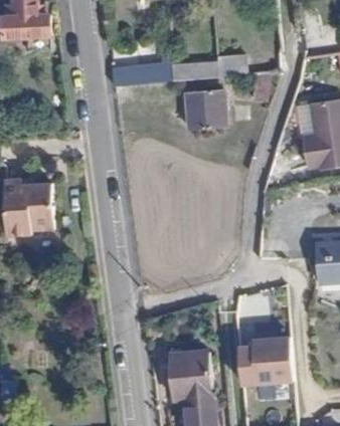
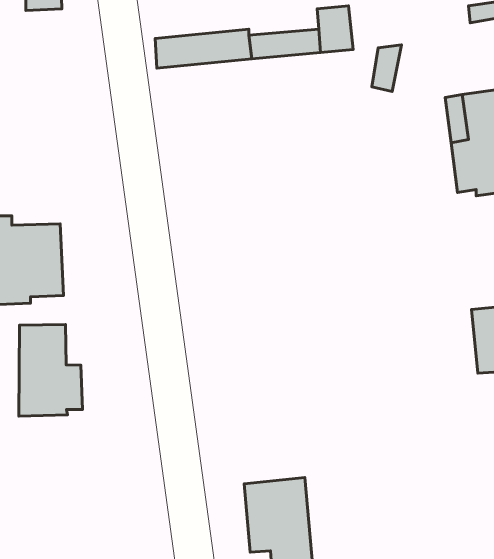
building: [183,88,226,130] -> none
building: none -> [19,324,82,416]
building: [236,333,292,382] -> none

